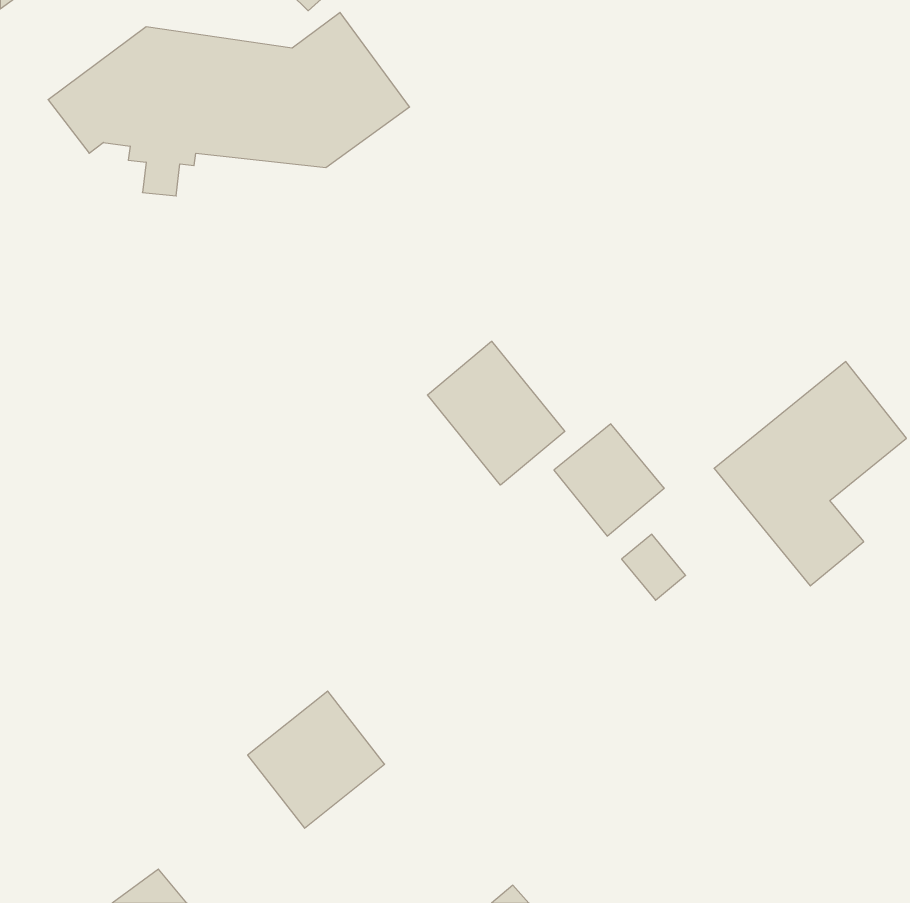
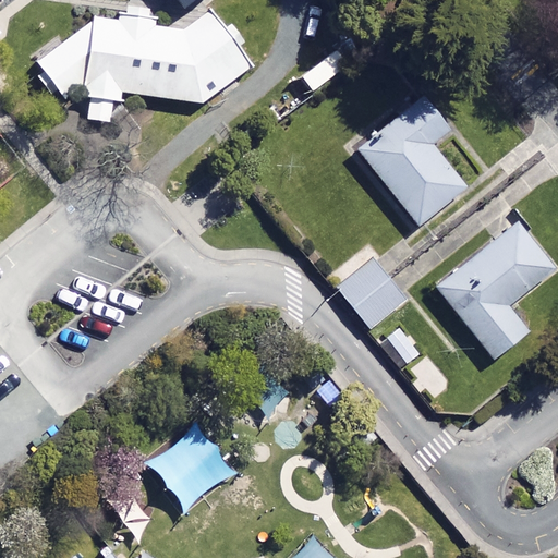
building: none -> [360,97,466,225]
building: [427,341,565,485] -> none

